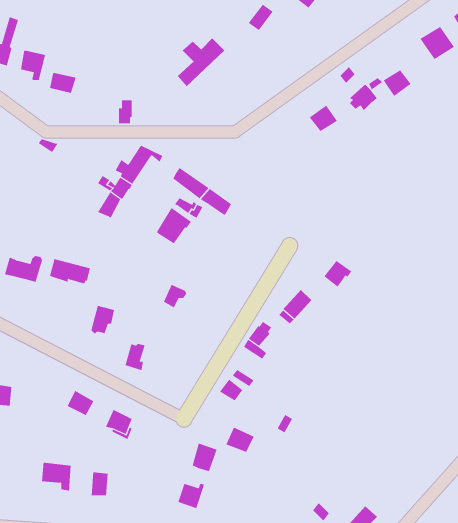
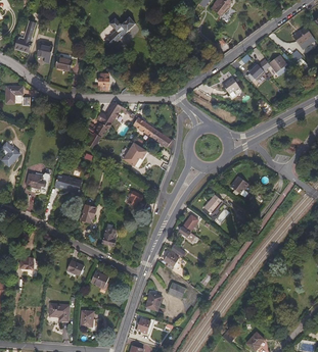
building: [177,38,225,87] -> [103,15,134,47]

